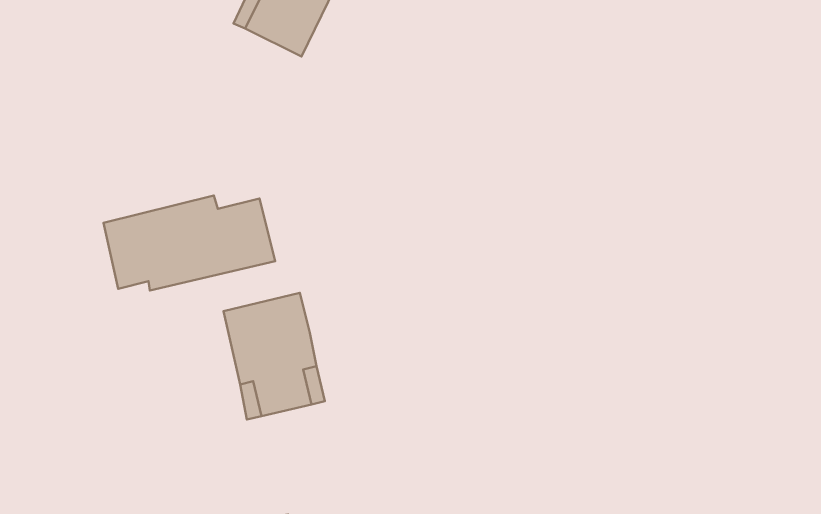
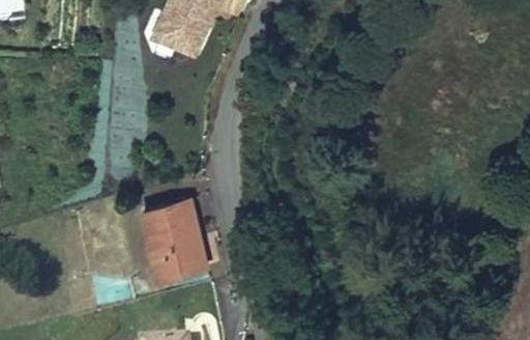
building: [103,196,275,290] -> none

